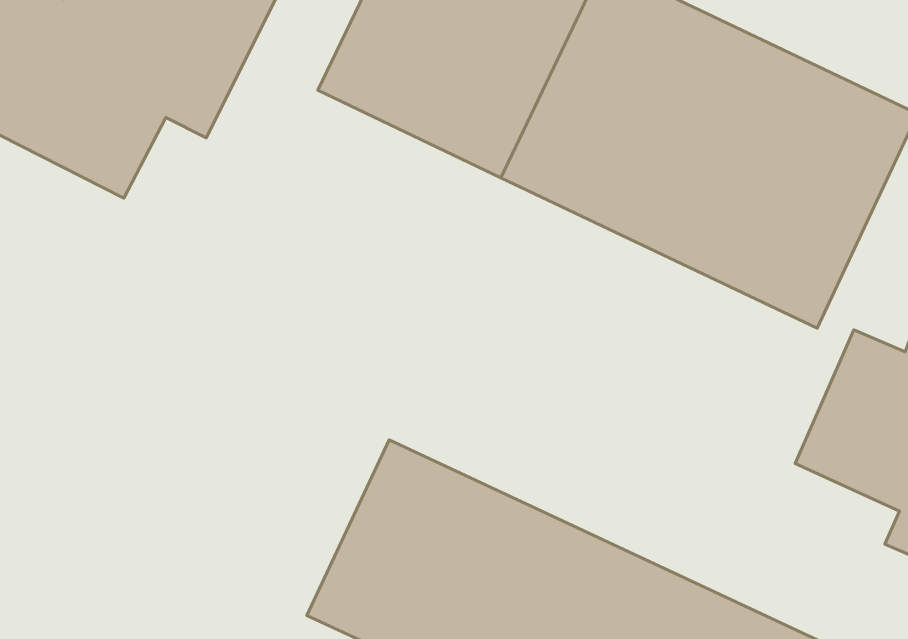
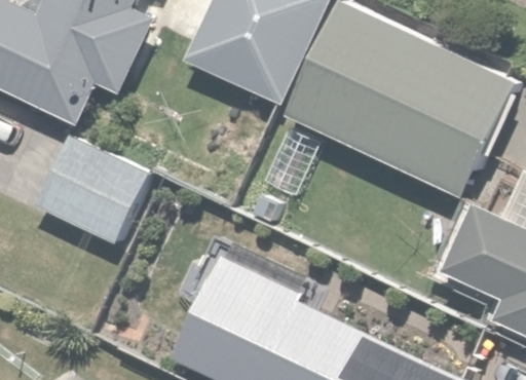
building: none -> [35,136,152,245]

